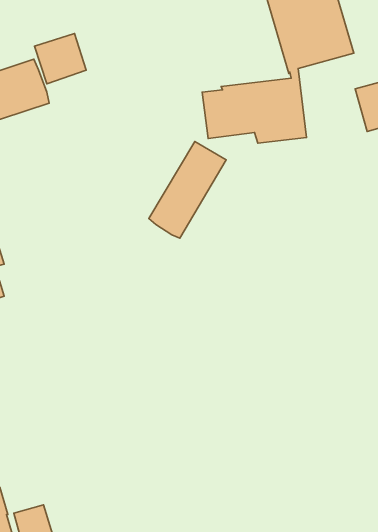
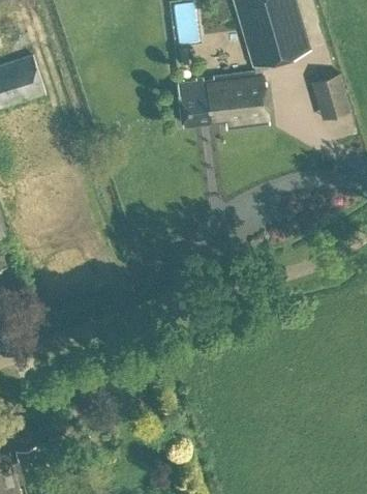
building: [34,34,86,84] -> none
building: [149,141,226,238] -> none

